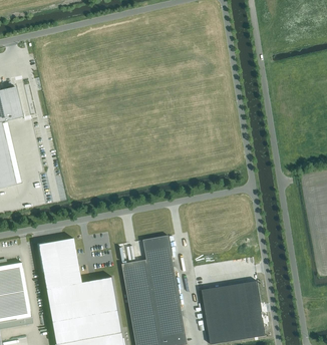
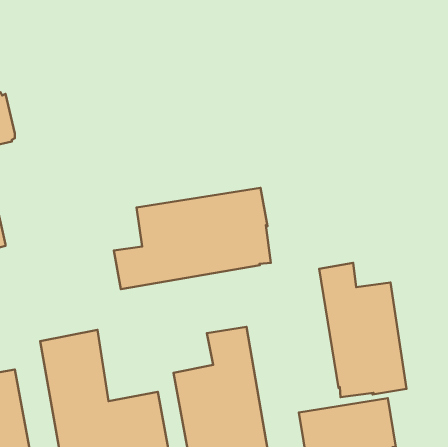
building: none -> [114,188,271,289]
building: none -> [319,263,406,397]

